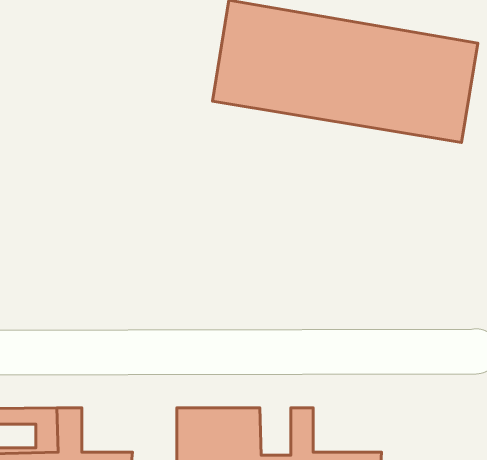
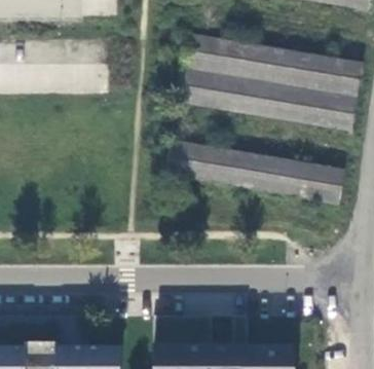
building: none -> [167,141,346,202]

